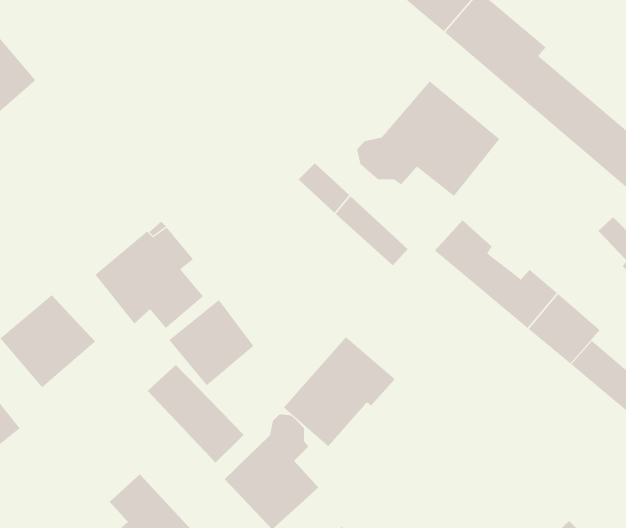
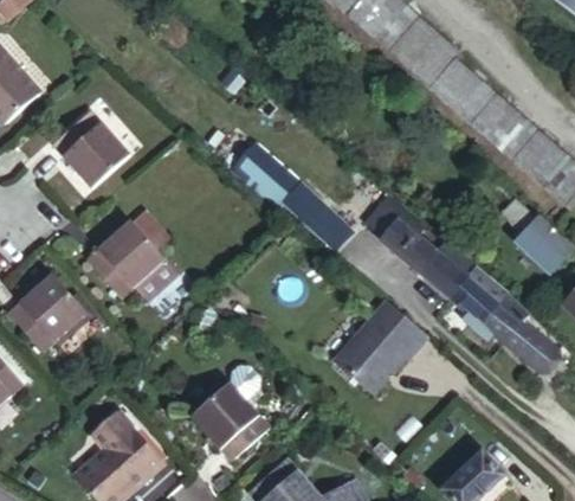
building: [357,80,500,197] -> none
building: none -> [57,110,128,181]
building: [169,299,254,386] -> none
building: [283,337,395,447] -> [337,307,431,399]
building: [147,364,244,464] -> none

